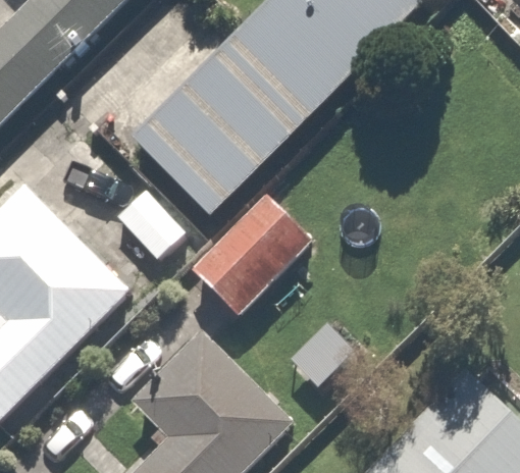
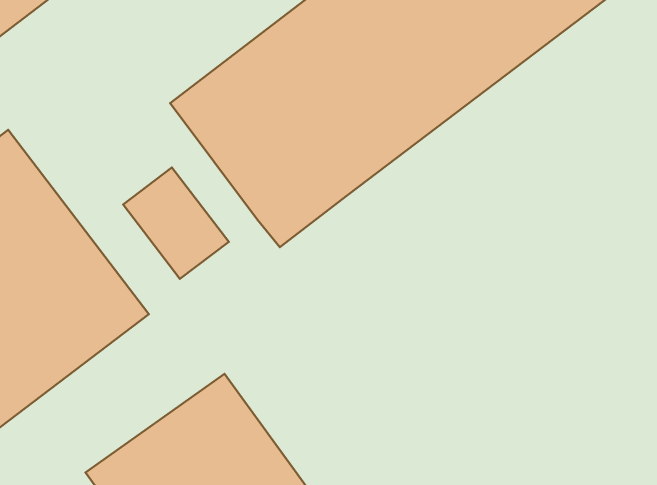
building: [186,189,314,318] -> none

